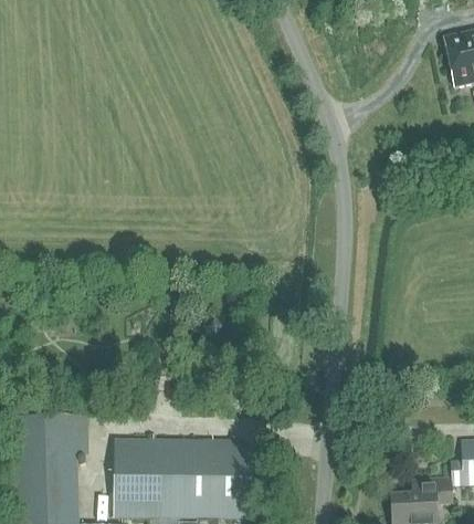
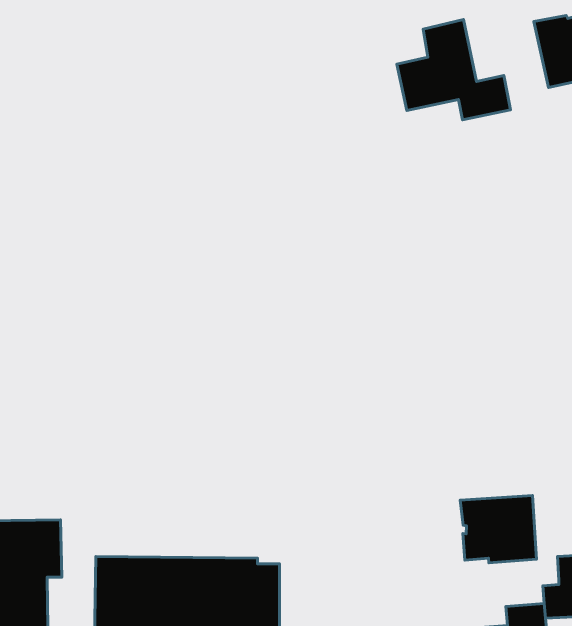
building: none -> [397,20,510,120]
building: none -> [460,496,537,563]

